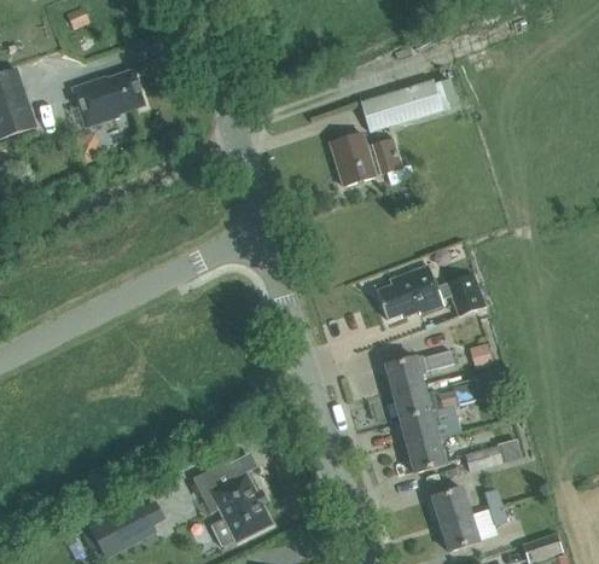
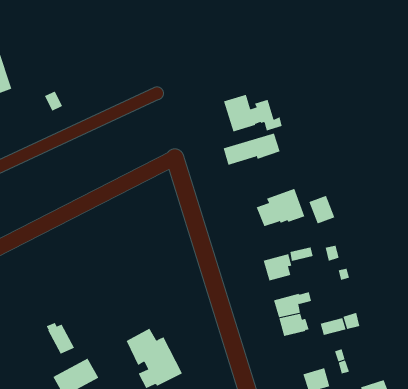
building: [72,70,144,127] -> none
building: [361,81,442,127] -> [223,133,280,165]
building: [394,386,456,421] -> none
building: none -> [46,322,75,355]
building: [432,488,472,525] -> none

